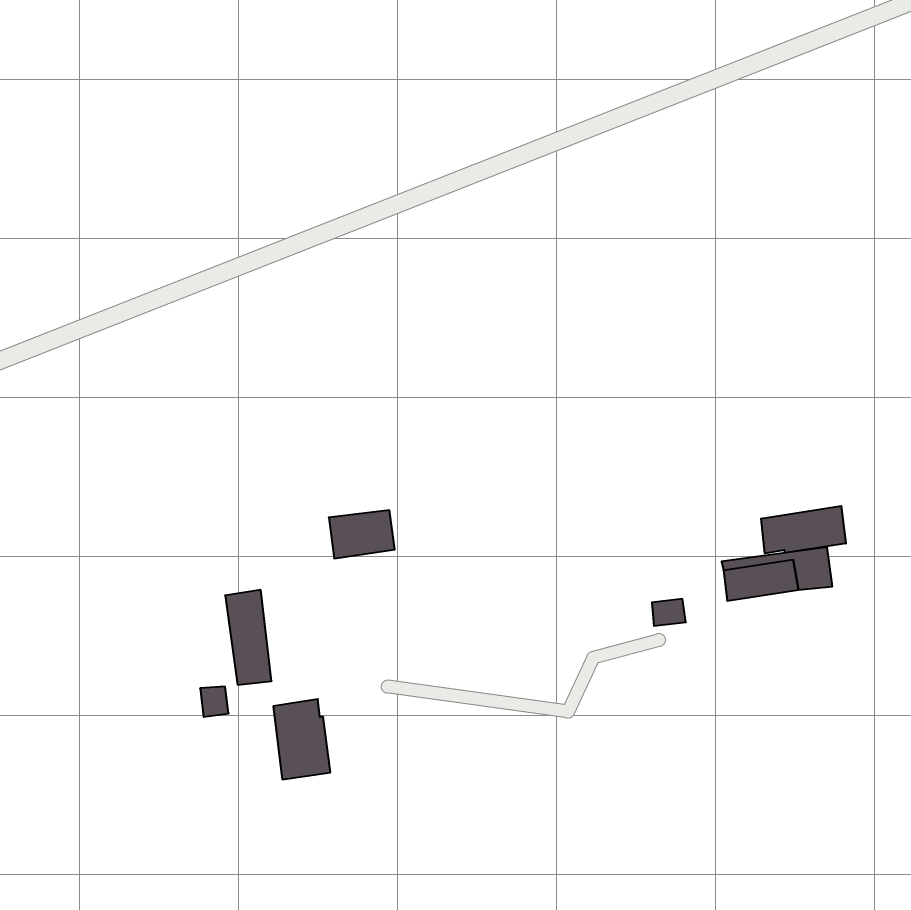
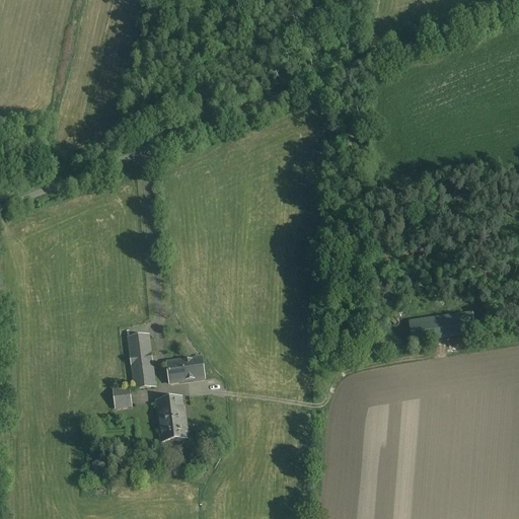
building: [761,506,846,553] -> none
building: [329,510,395,558] -> [166,355,204,382]

